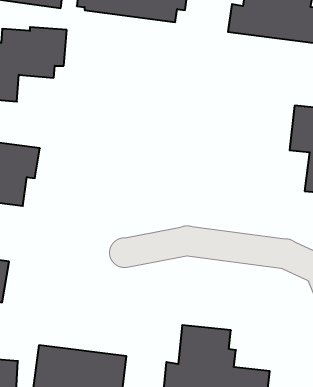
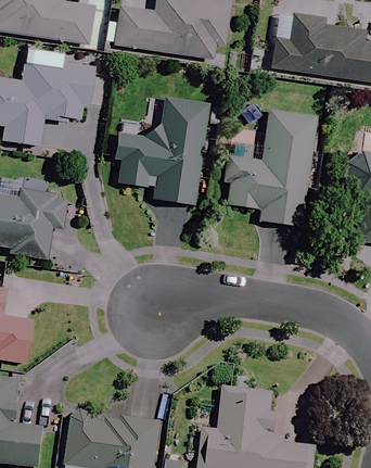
building: none -> [112,97,208,202]
building: none -> [223,113,314,226]

